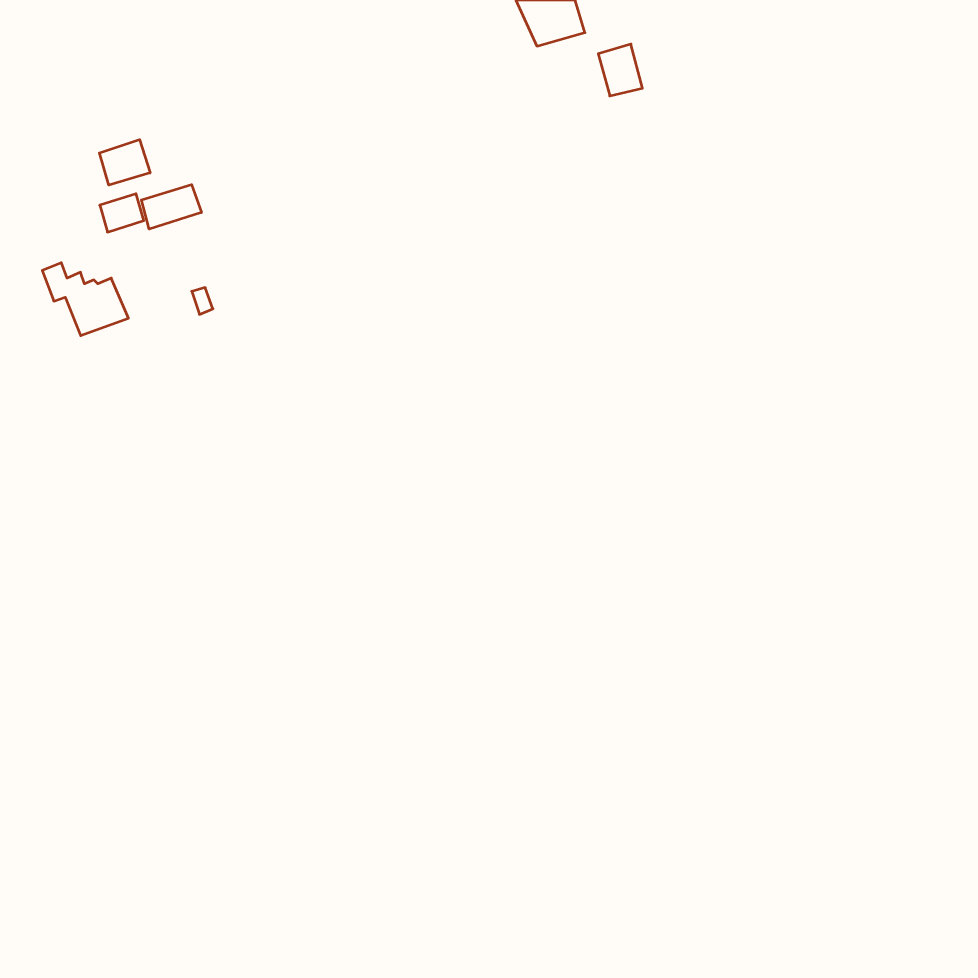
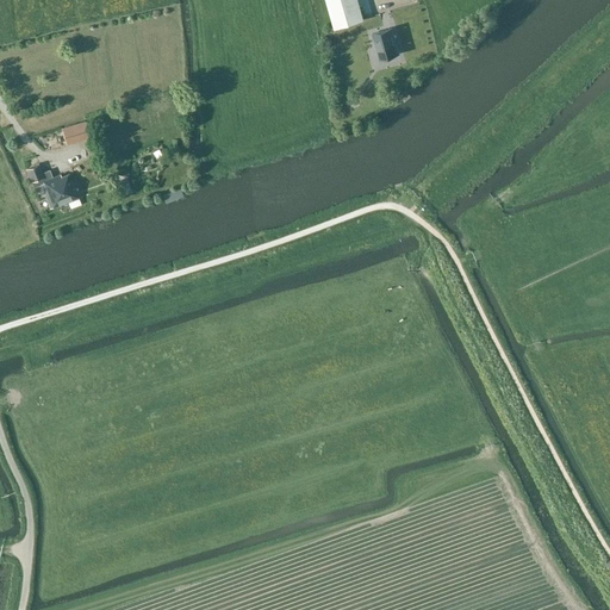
building: [99,140,150,185] -> none
building: [141,185,201,229] -> none

